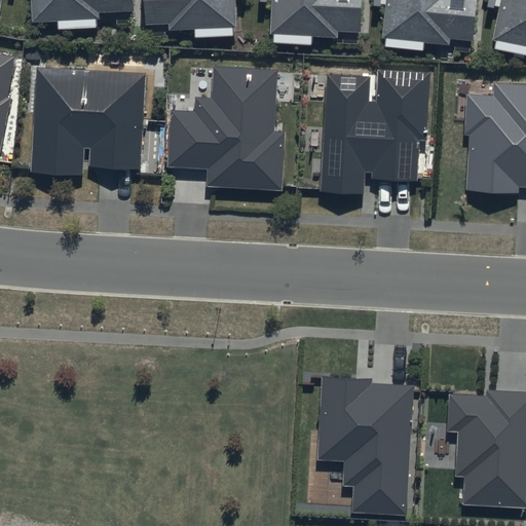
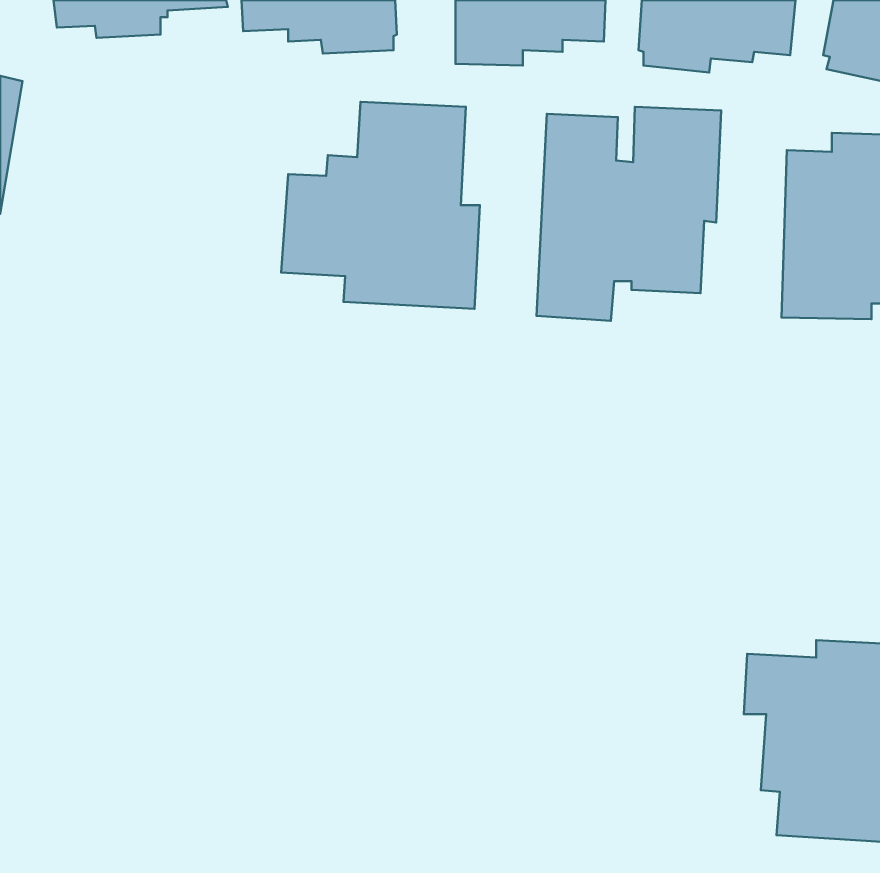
building: [32,65,148,172] -> none
building: [317,380,410,515] -> none

